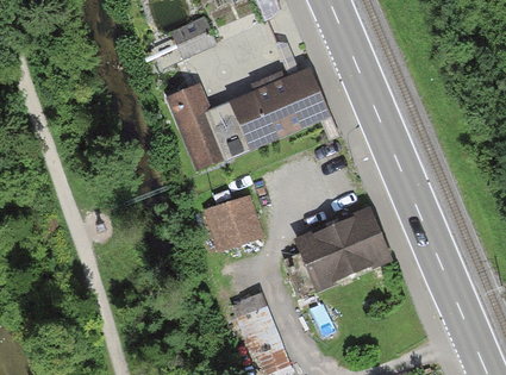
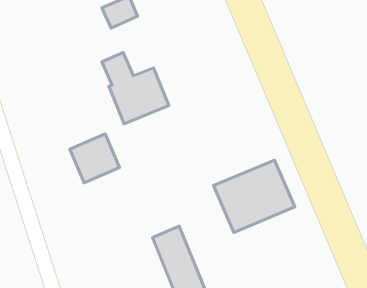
building: [230,68,325,144] -> none
building: [201,198,260,255] -> [70,134,120,183]

